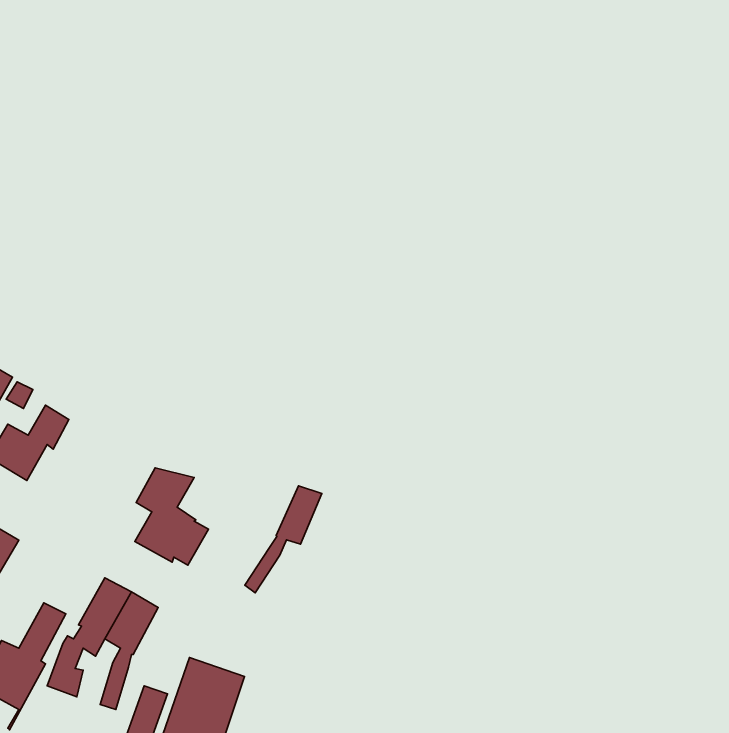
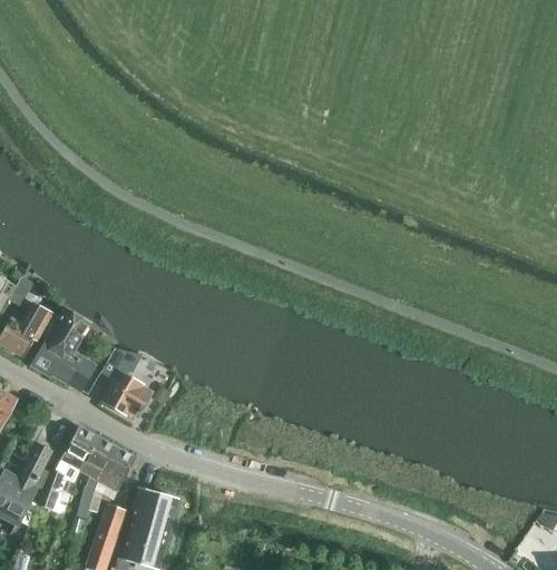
building: none -> [32,309,96,392]
building: [245,486,322,593] -> none
building: none -> [99,449,136,492]

